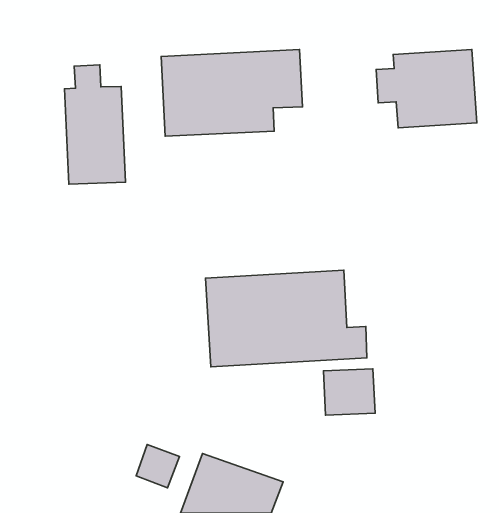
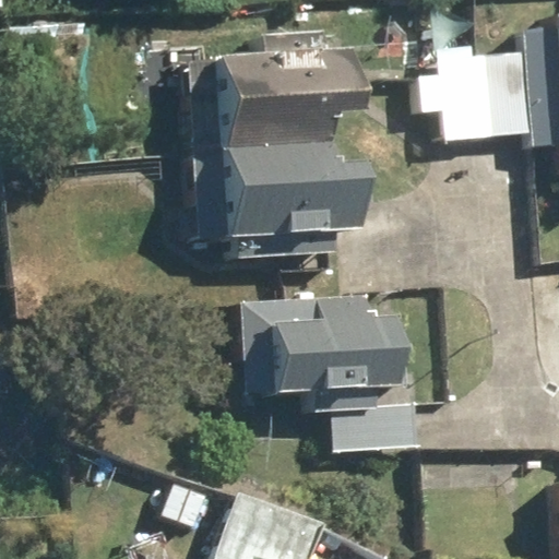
building: [65,65,125,184] -> none
building: none -> [198,147,349,239]

